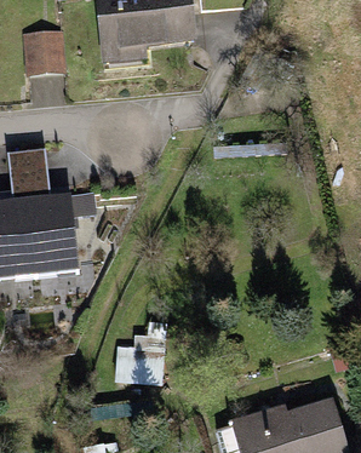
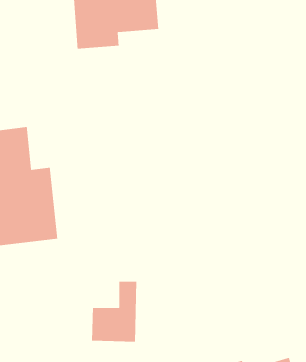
building: [21,31,64,71] -> none

